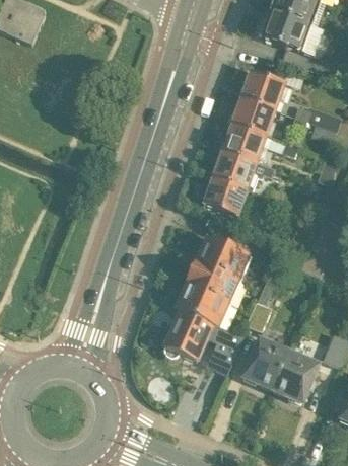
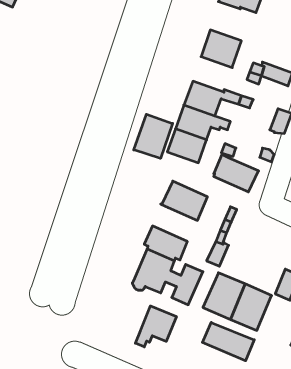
building: [231,99,275,139] -> none
building: none -> [134,114,173,158]
building: [187,262,236,304] -> [214,154,259,192]
building: none -> [135,306,176,347]
building: none -> [202,322,254,361]

